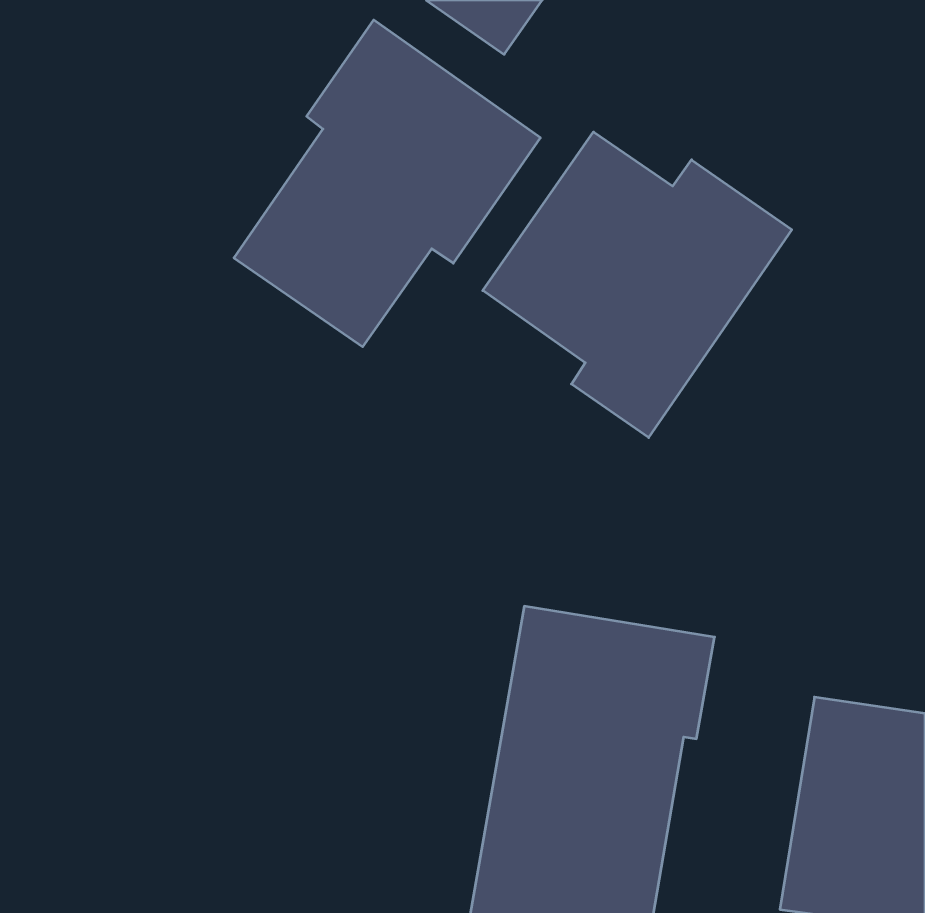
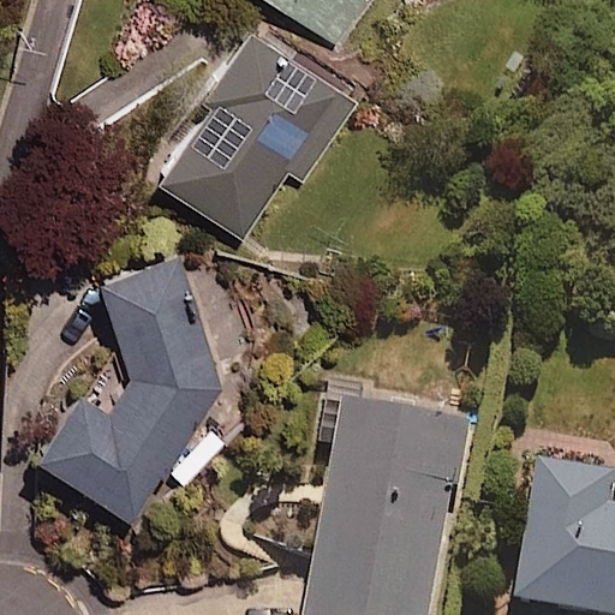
building: [483,132,792,438] -> none
building: none -> [34,252,217,517]

